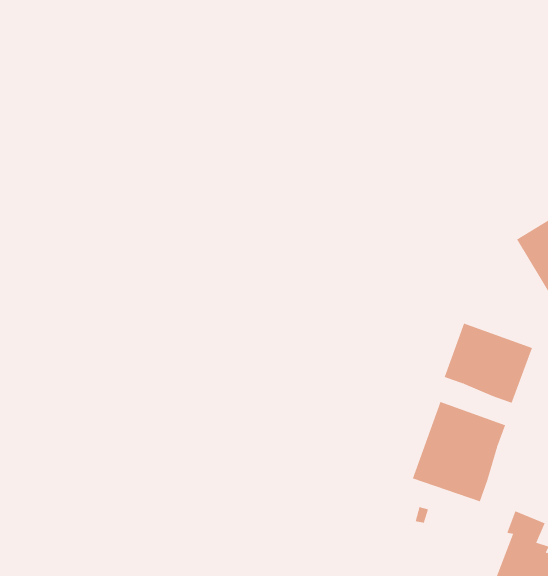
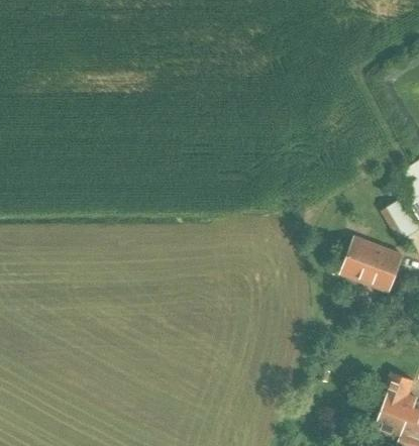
building: [412,401,506,502] -> none

